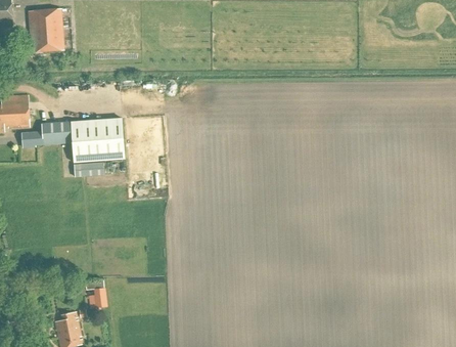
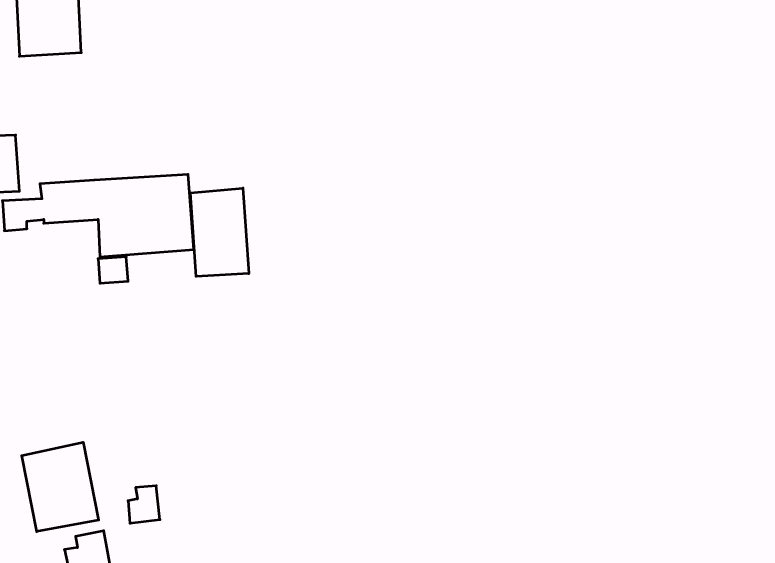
building: none -> [190,188,249,276]
building: none -> [22,442,99,532]

